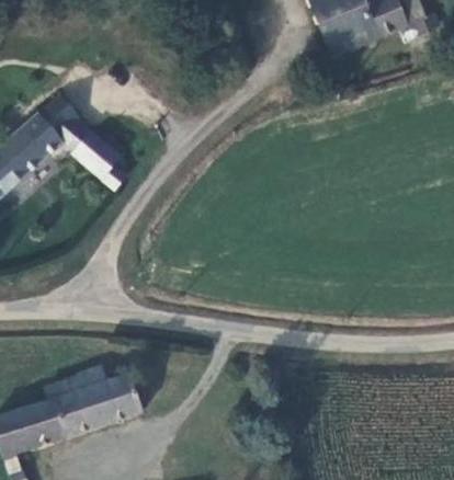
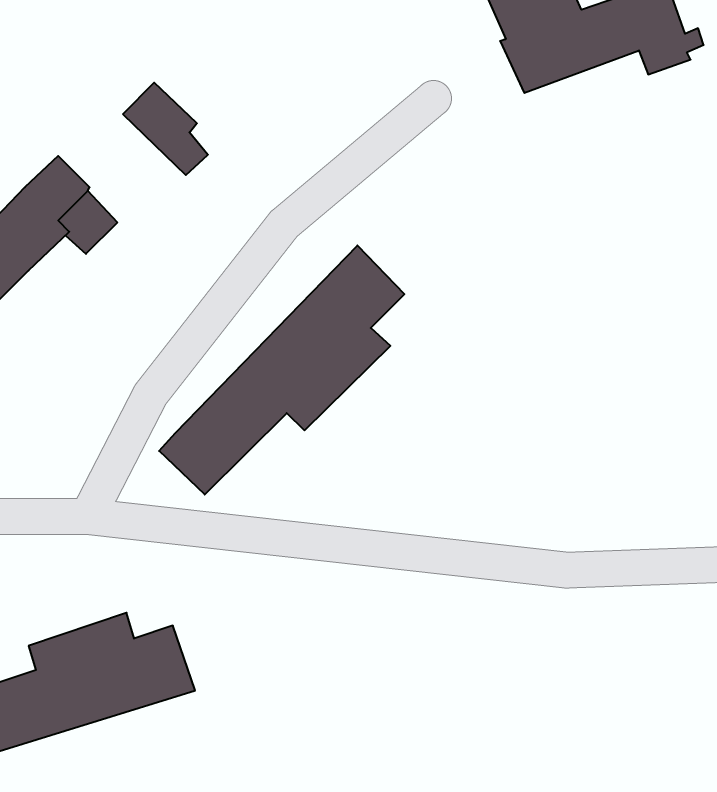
building: [73,134,124,188] -> [123,83,208,175]
building: none -> [159,245,404,495]

